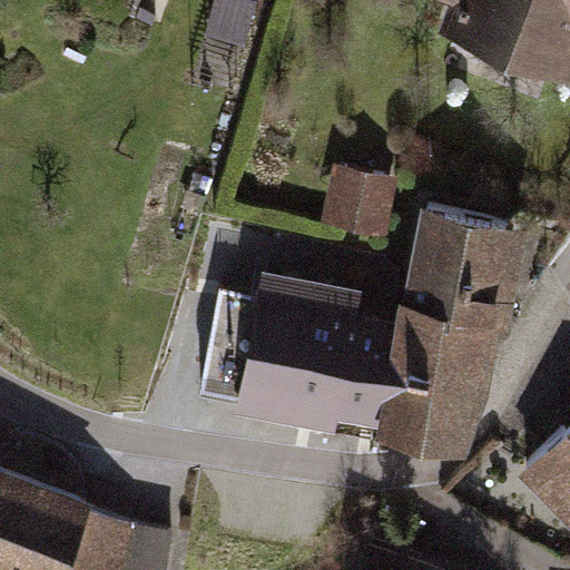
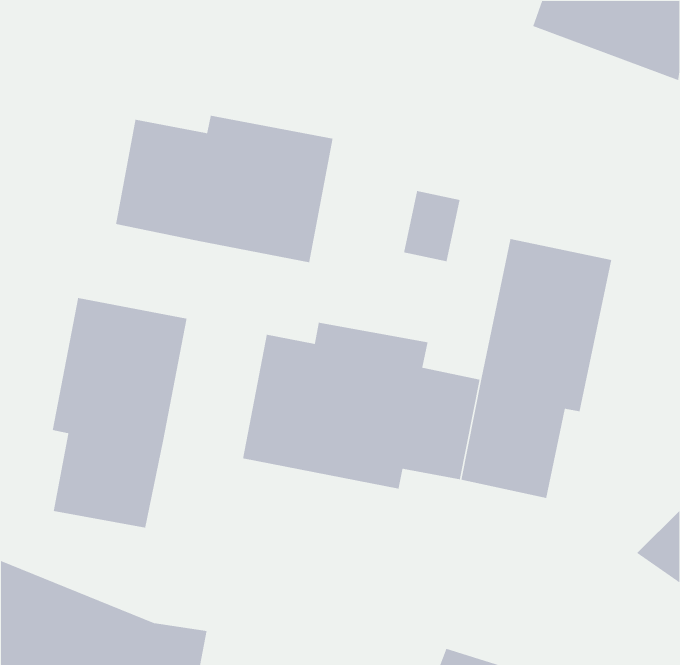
building: none -> [115,115,334,263]
building: none -> [52,297,187,529]

